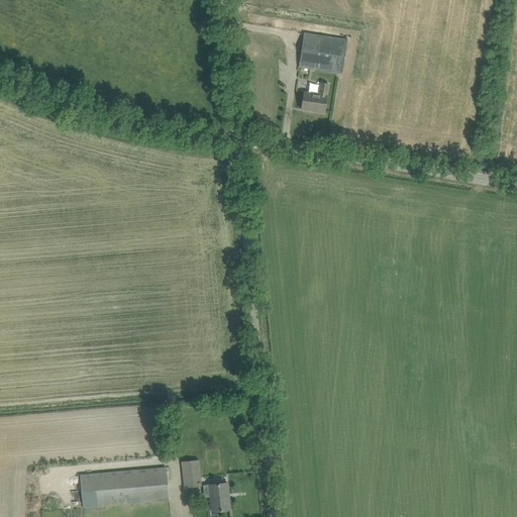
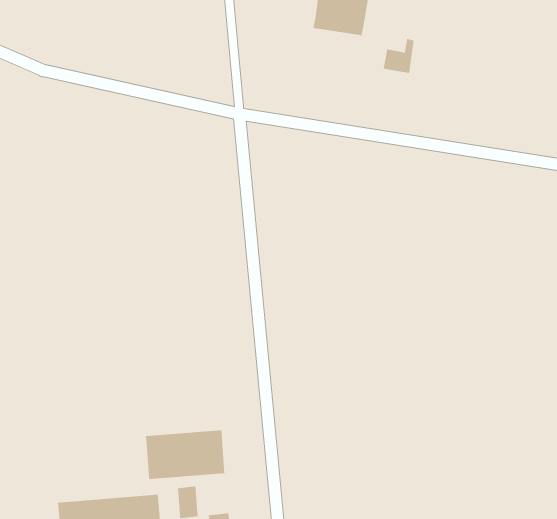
building: [300,83,327,113] -> [383,38,415,73]
building: none -> [146,430,225,480]

